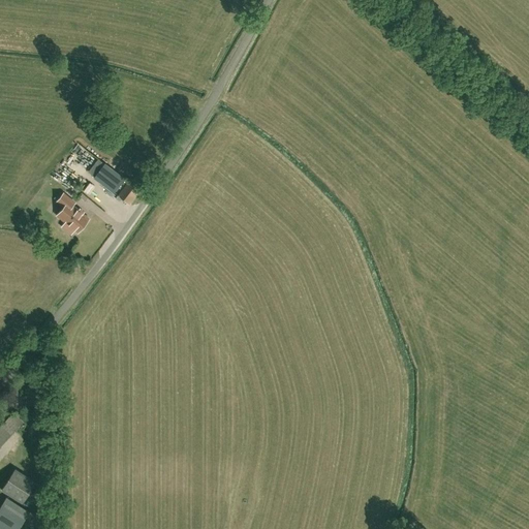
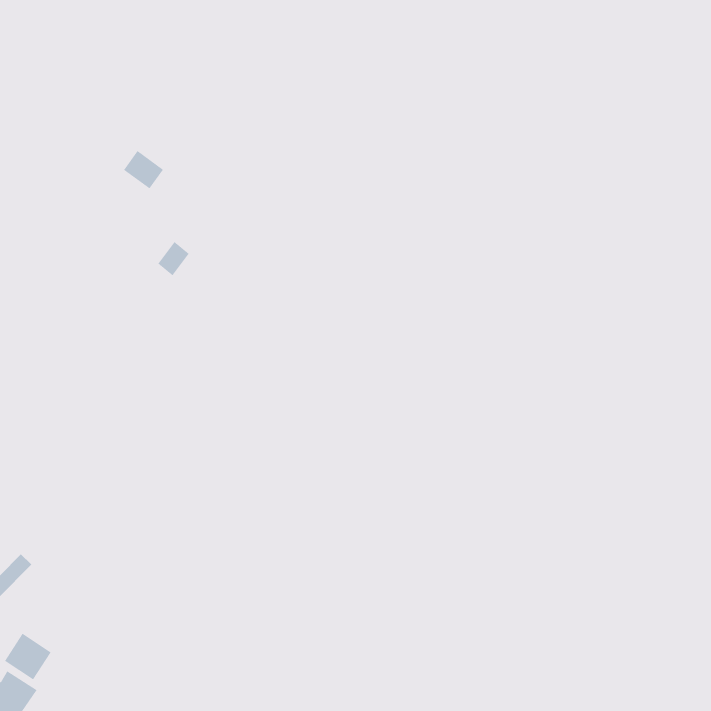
building: [93,165,123,194] -> [123,150,164,189]
building: [56,194,88,234] -> none

